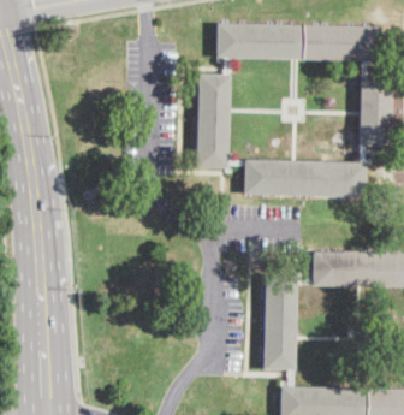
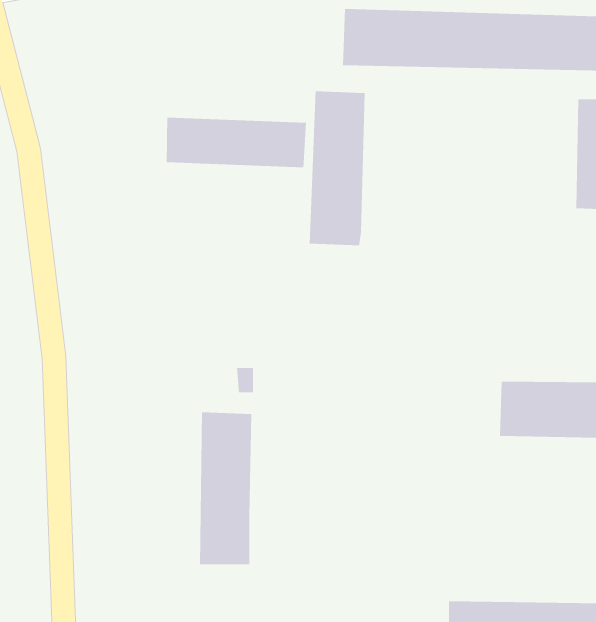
building: none -> [166,117,307,168]
building: [244,161,367,198] -> none
building: [265,277,297,370] -> [199,412,252,565]

